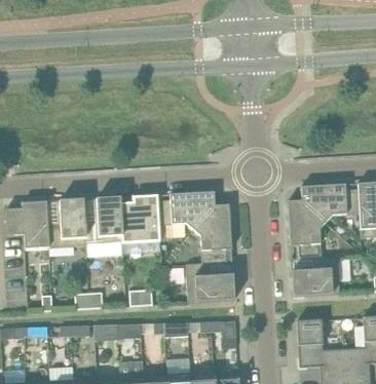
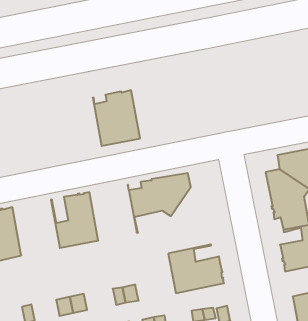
building: [120,194,159,242] -> [93,90,140,146]
building: [46,198,85,246] -> none
building: [186,203,231,264] -> none

